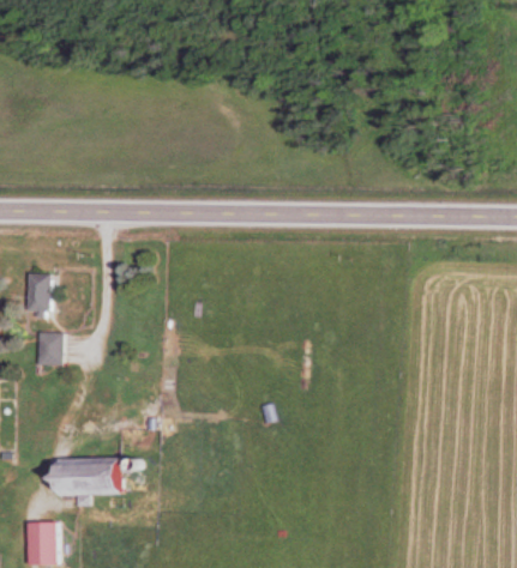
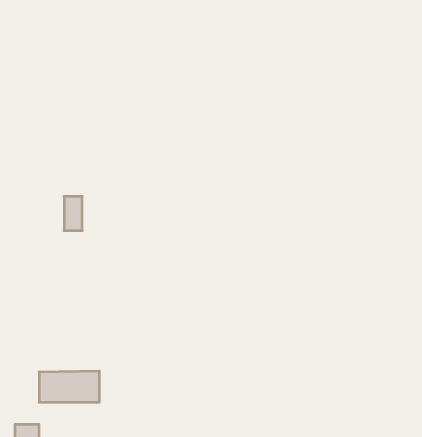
building: [26,273,48,314] -> [64,196,82,231]
building: [31,332,58,364] -> none

